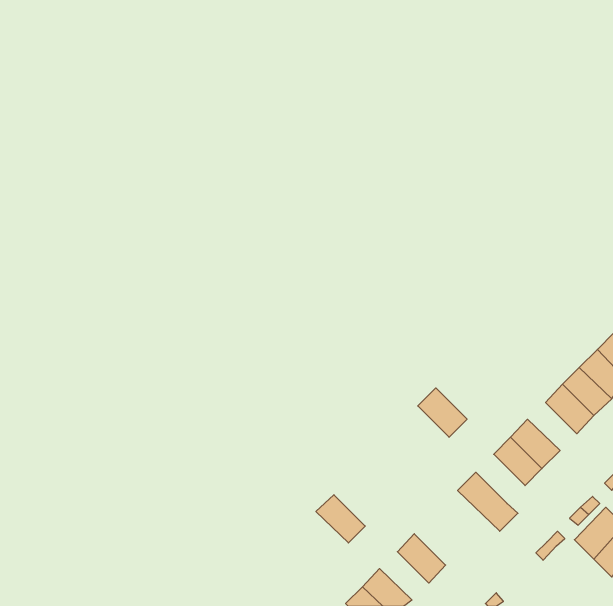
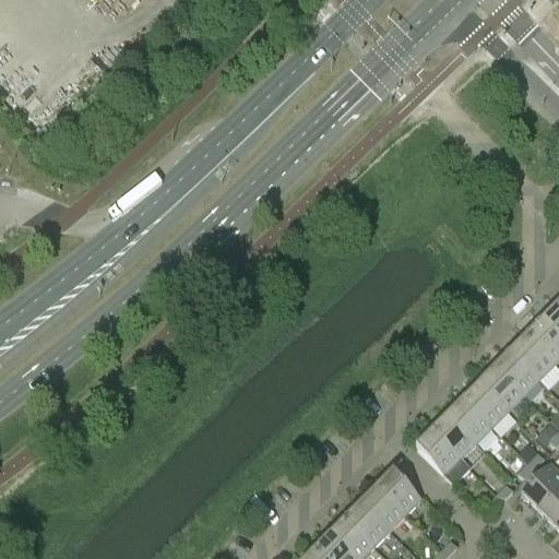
building: [418,388,467,437] -> [433,412,478,456]
building: none -> [480,365,525,408]
building: [316,495,365,543] -> [346,500,391,544]
building: none -> [378,467,423,512]

